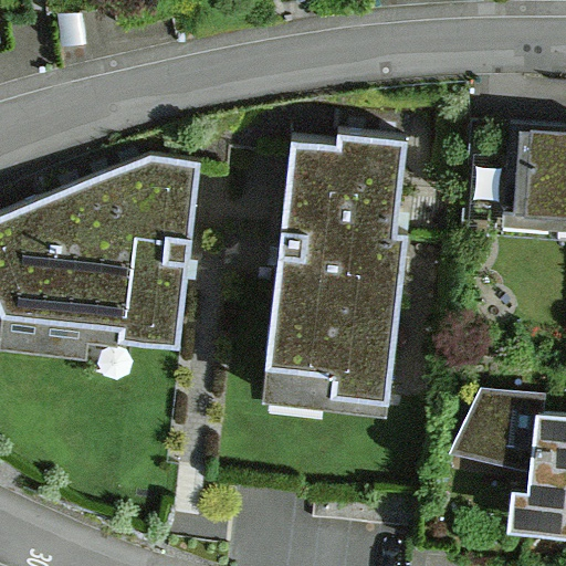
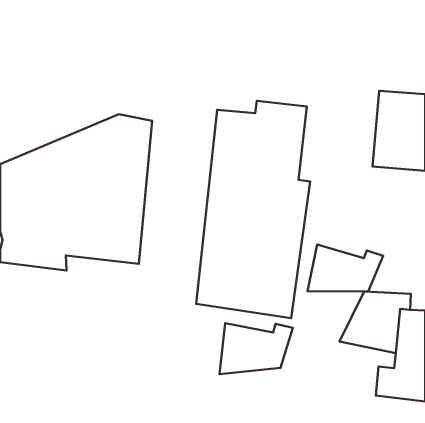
building: none -> [308,244,383,291]
building: none -> [220,323,293,374]

